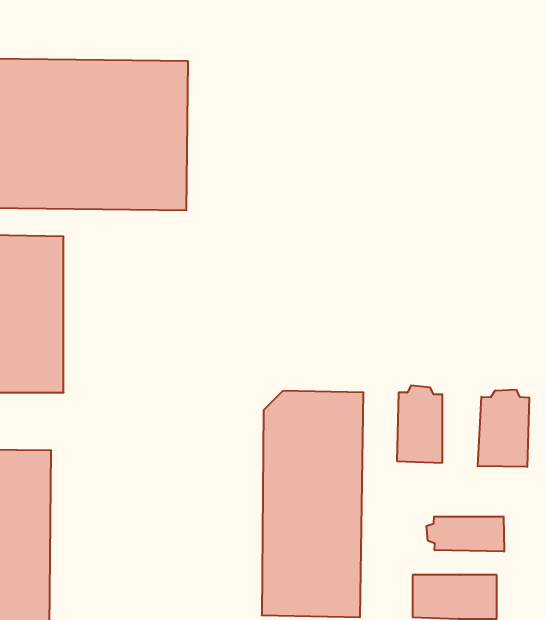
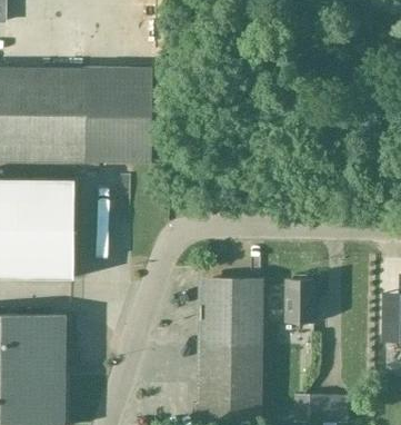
building: [478,390,529,467] -> none
building: [427,517,504,552] -> none

